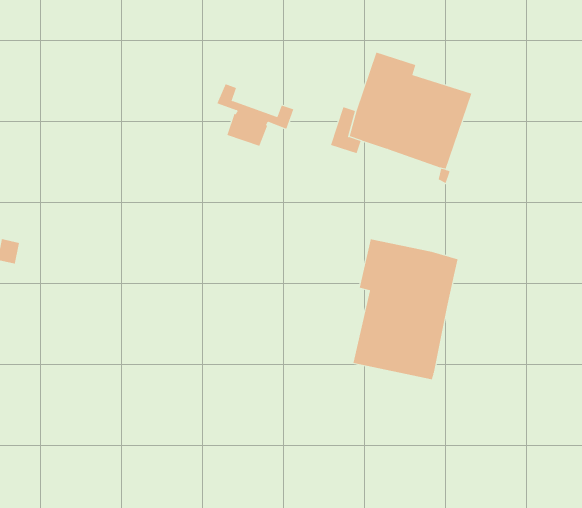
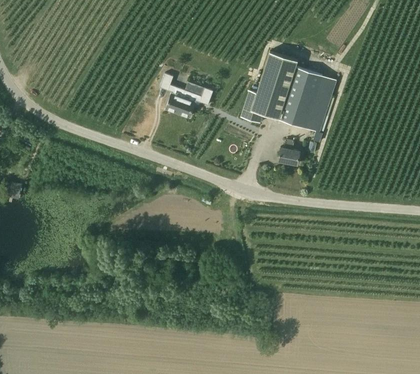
building: none -> [279,139,301,165]
building: [353,238,458,380] -> none

